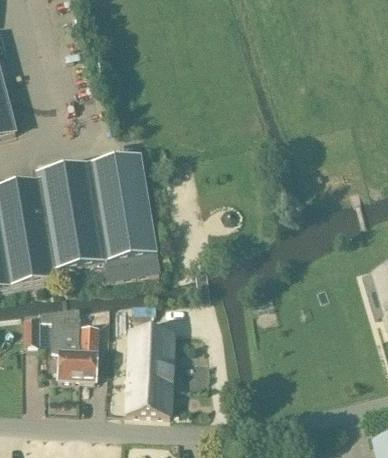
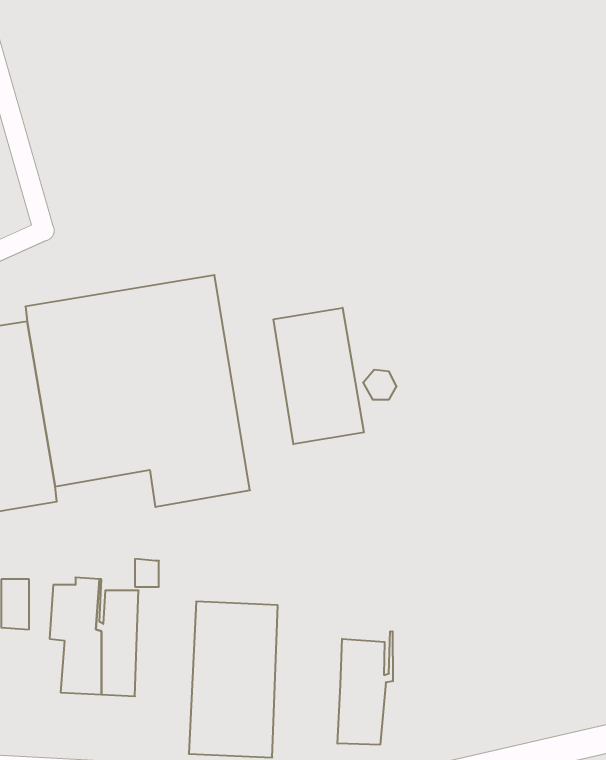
building: none -> [274,308,364,444]
building: none -> [337,631,393,745]

